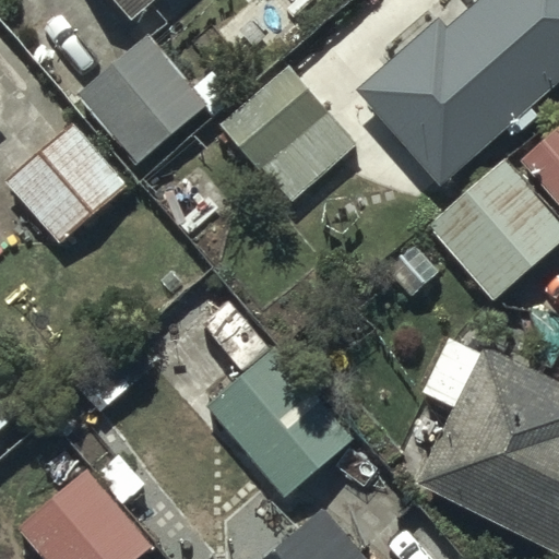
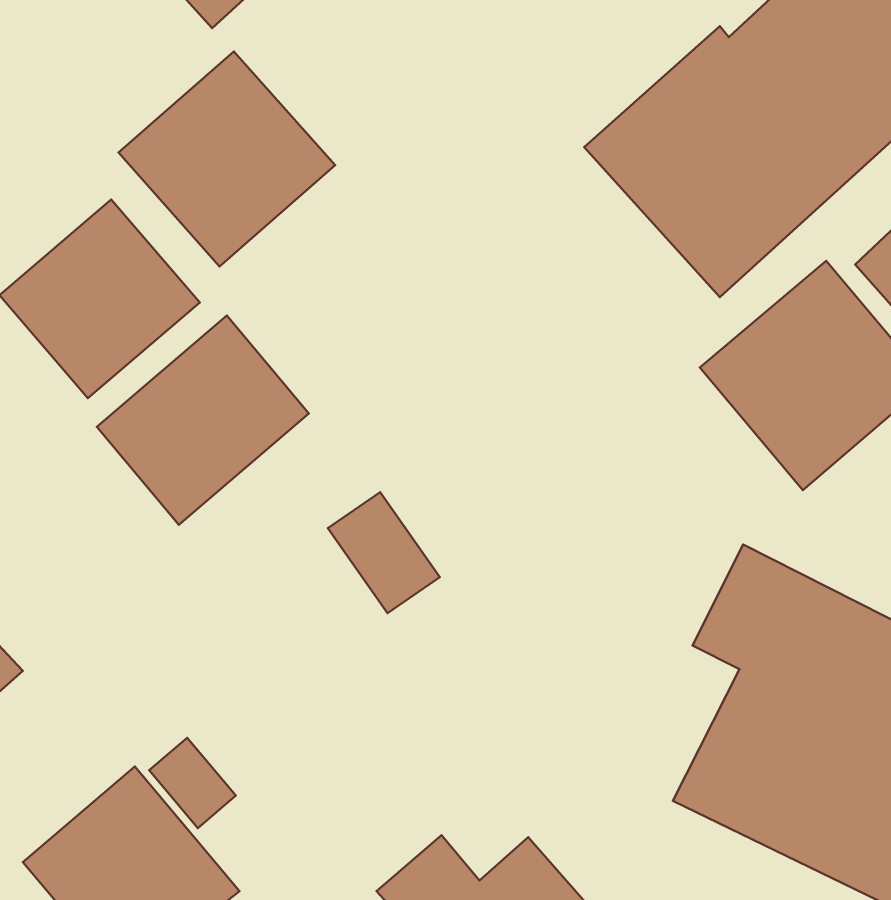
building: [223,68,356,201] -> none
building: none -> [97,316,309,525]
building: [207,353,353,500] -> none

